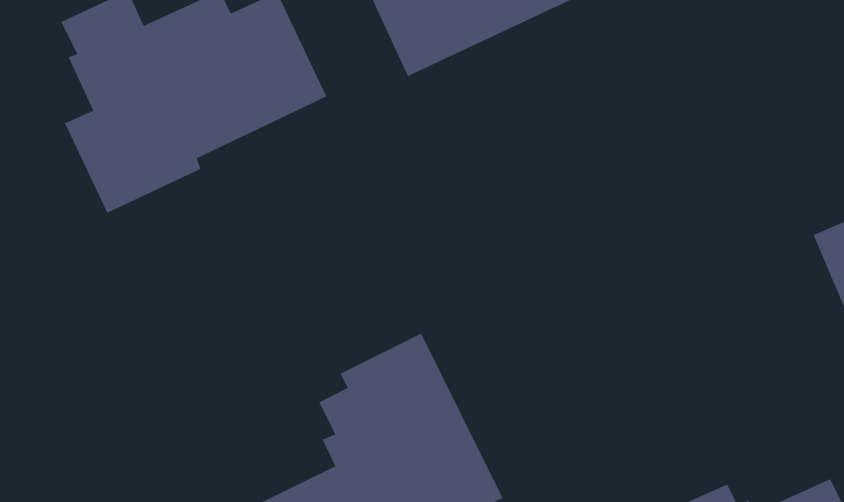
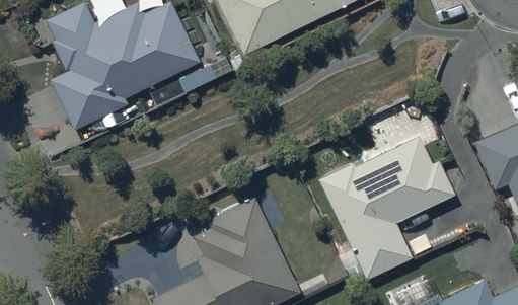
building: none -> [317,134,457,281]

